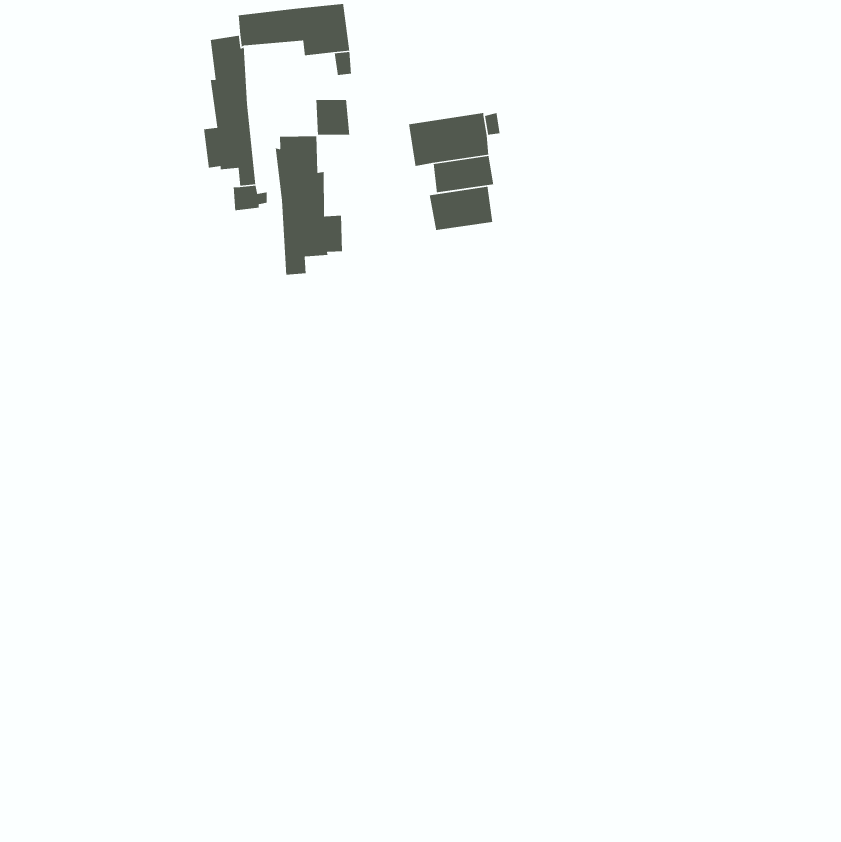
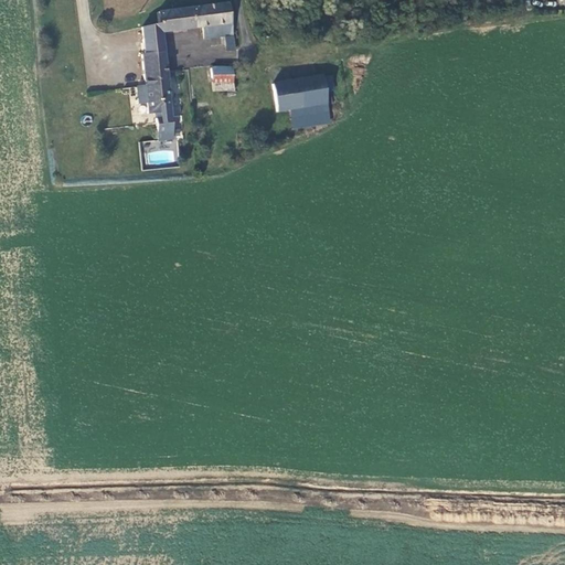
building: [275,135,343,275] -> none
building: [429,186,493,231] -> none

